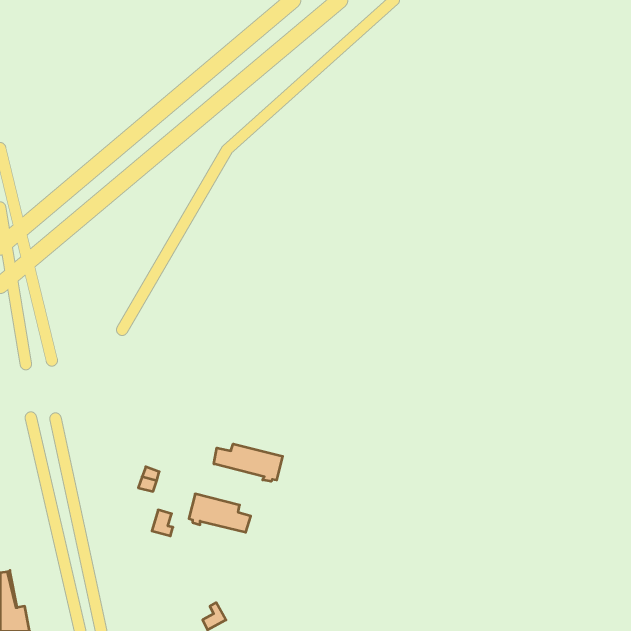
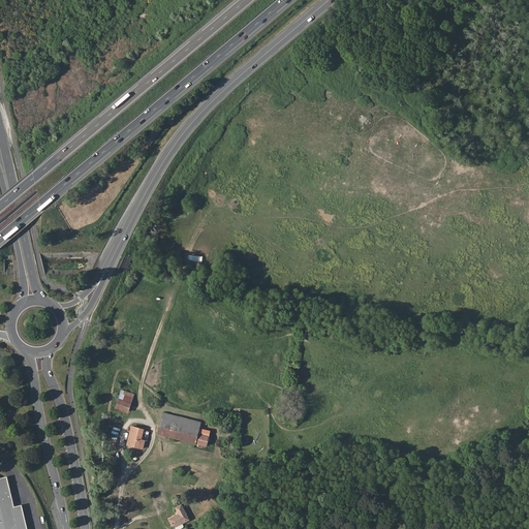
building: [214,444,283,481] -> none

